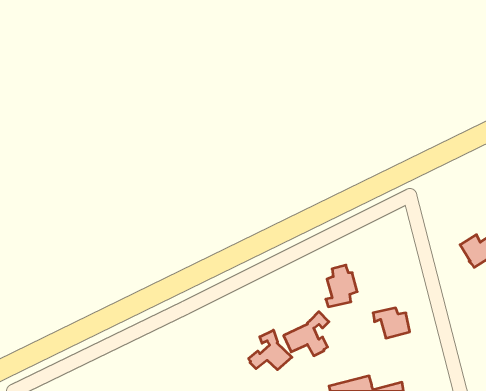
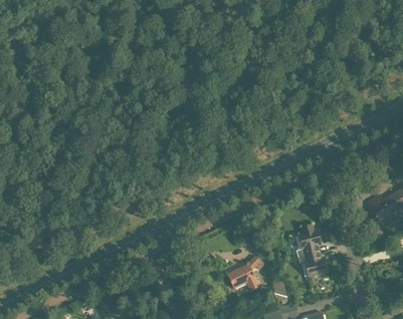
building: [326,265,357,307] -> [296,224,322,257]
building: [249,330,292,370] -> none

